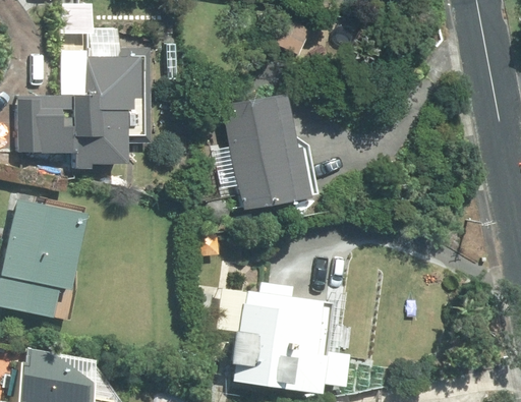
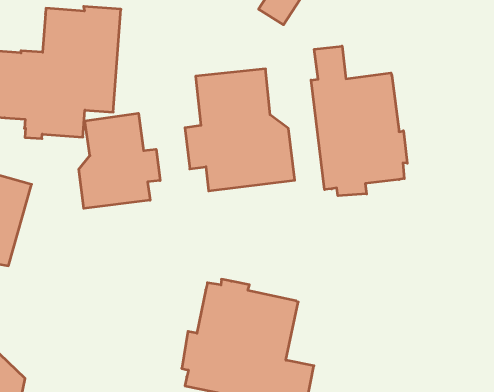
building: none -> [311,46,407,196]
building: none -> [79,113,160,208]

